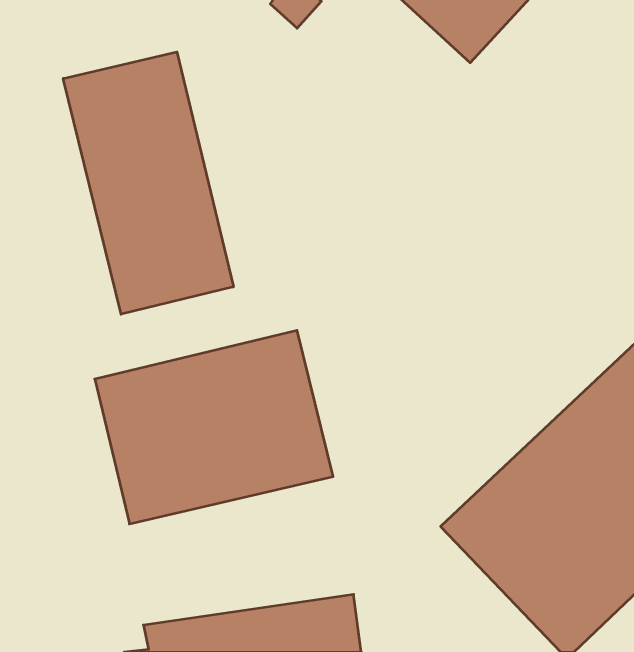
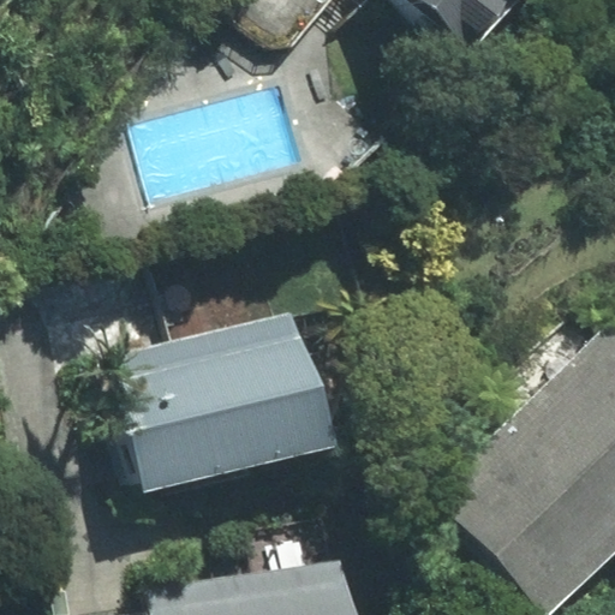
building: [63,52,233,314] -> none

